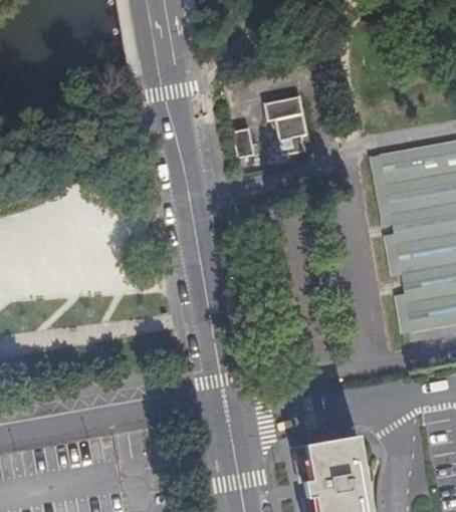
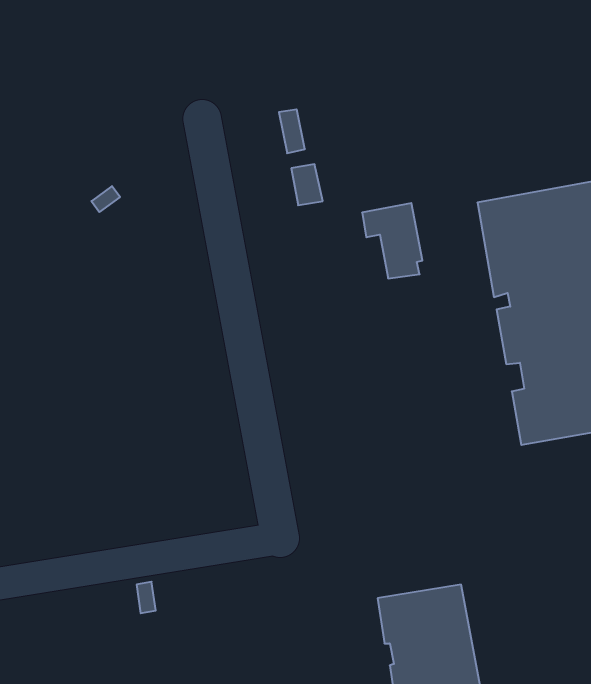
building: [264,96,308,152] -> [362,203,422,278]

